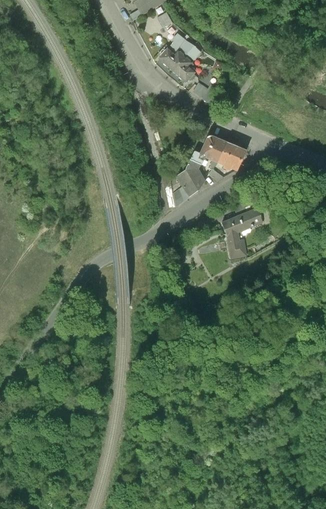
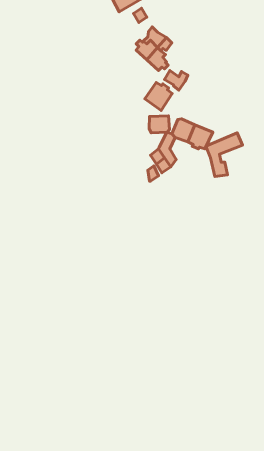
building: none -> [145,82,172,111]
building: none -> [149,116,169,133]
building: [222,207,263,256] -> [206,133,243,176]

